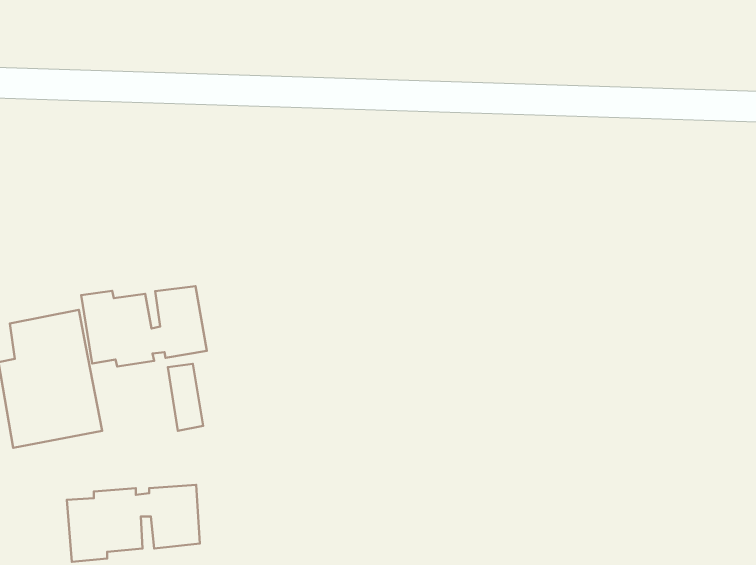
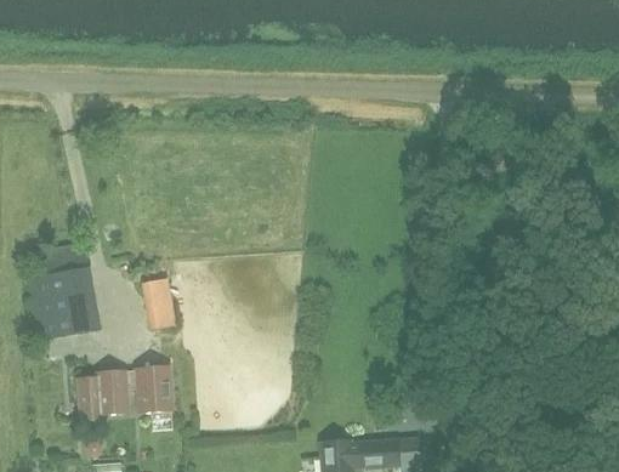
building: [81,286,207,367] -> none

